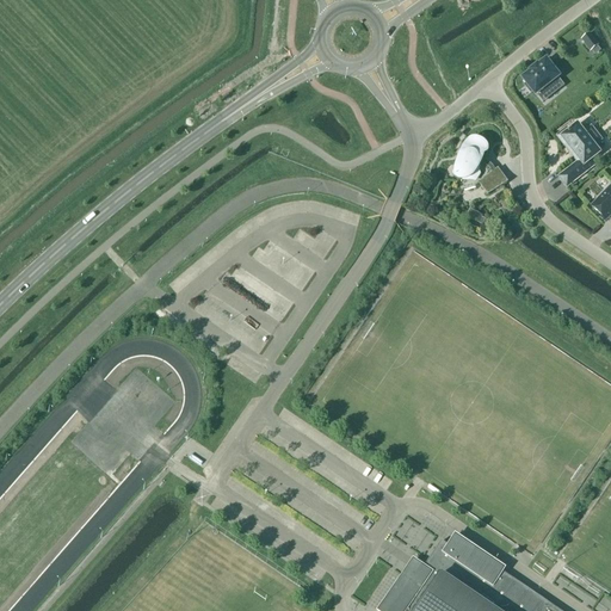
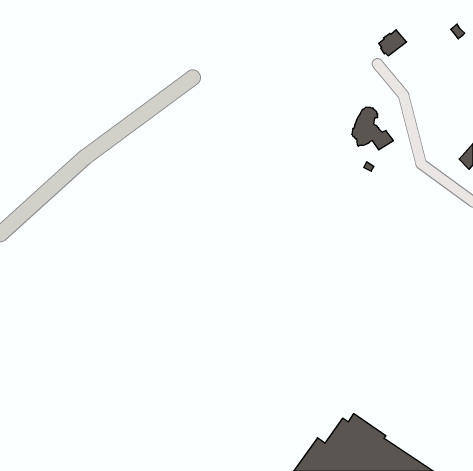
building: [524,60,560,93] -> [379,30,407,56]
building: [562,124,600,181] -> none

